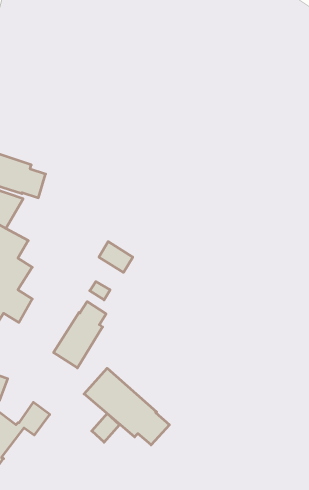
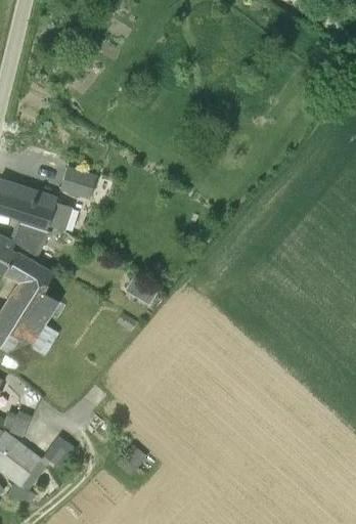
building: none -> [60,167,97,198]
building: [54,302,106,368] -> none
building: [84,368,169,445] -> none

